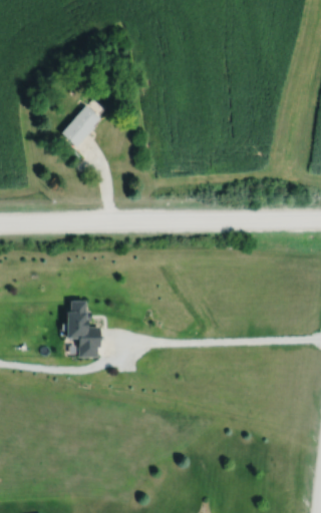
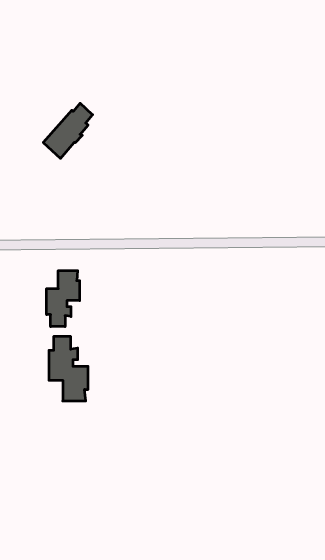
building: none -> [47,271,80,327]

